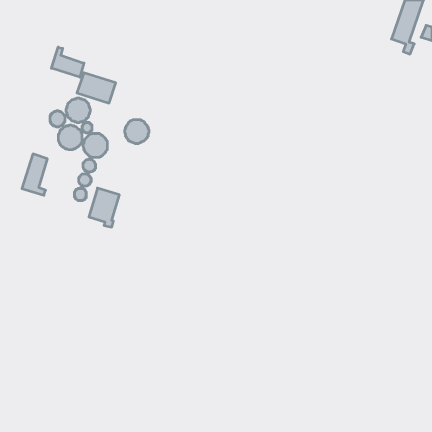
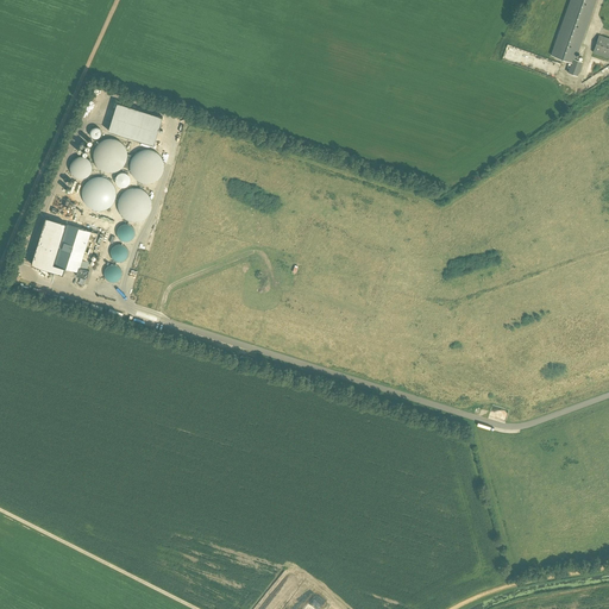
building: [51,47,84,77] -> none
building: [125,120,149,143] -> [130,150,164,183]
building: [89,188,119,227] -> [55,224,98,278]

